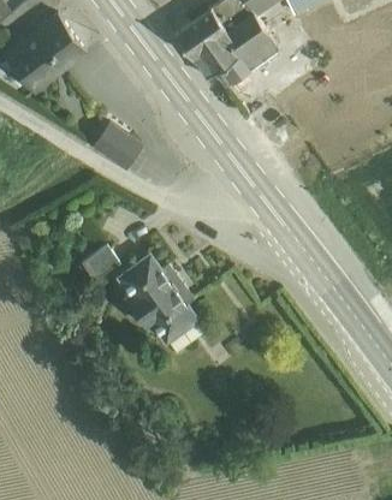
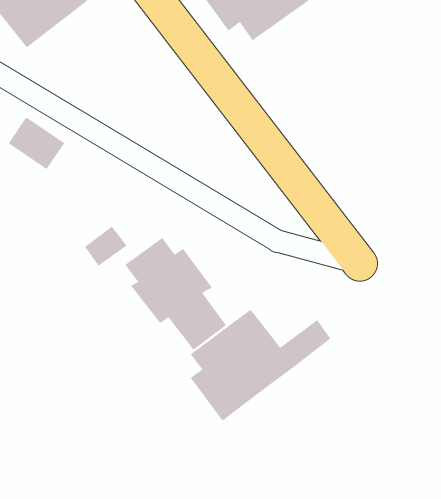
building: [91,123,141,168] -> [8,117,65,170]
building: none -> [190,309,331,422]

